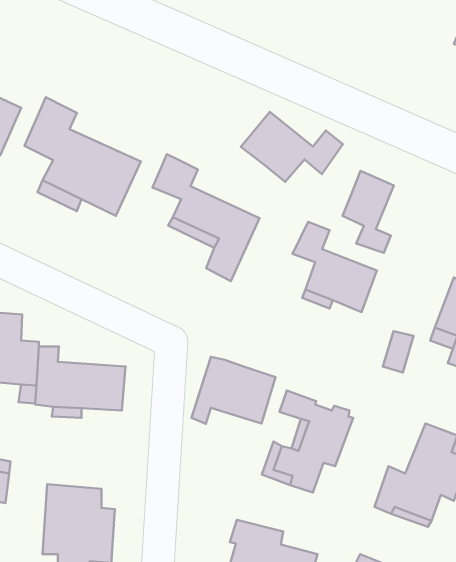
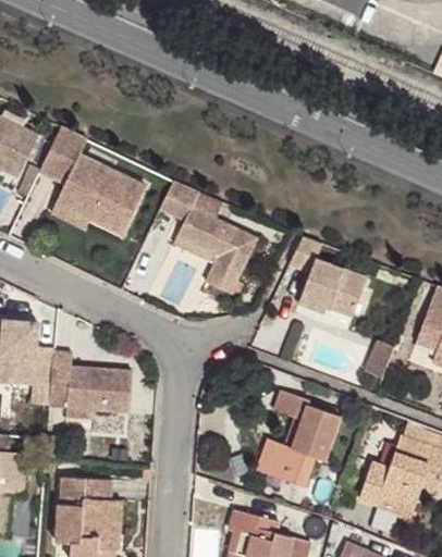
building: [241,112,343,182] -> none
building: [342,171,394,253] -> none
building: [191,357,276,424] -> none

